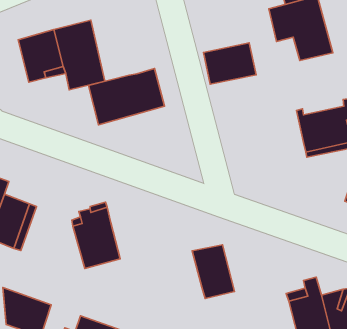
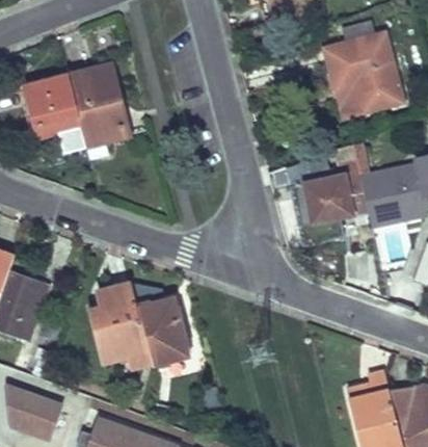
building: [203,43,256,84] -> [304,172,368,221]
building: [88,69,165,125] -> none
building: [192,245,235,298] -> [136,299,187,364]

